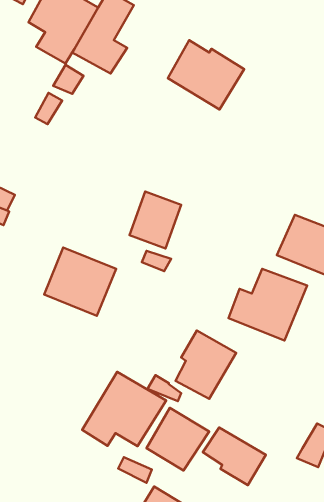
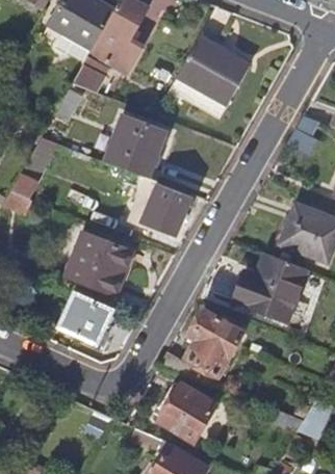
building: none -> [104,115,163,177]
building: none -> [58,294,110,344]
building: [82,372,166,446] -> none
building: [203,427,266,485] -> none

